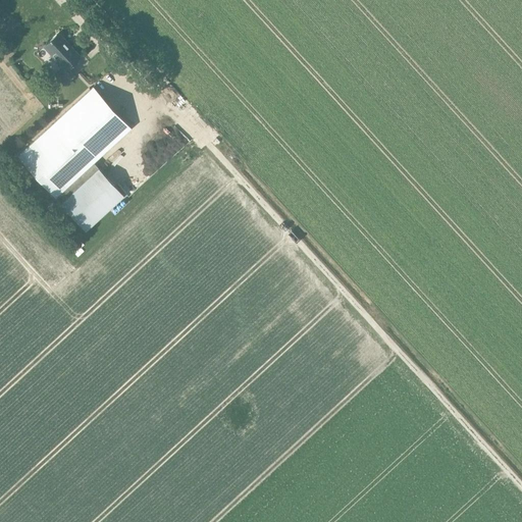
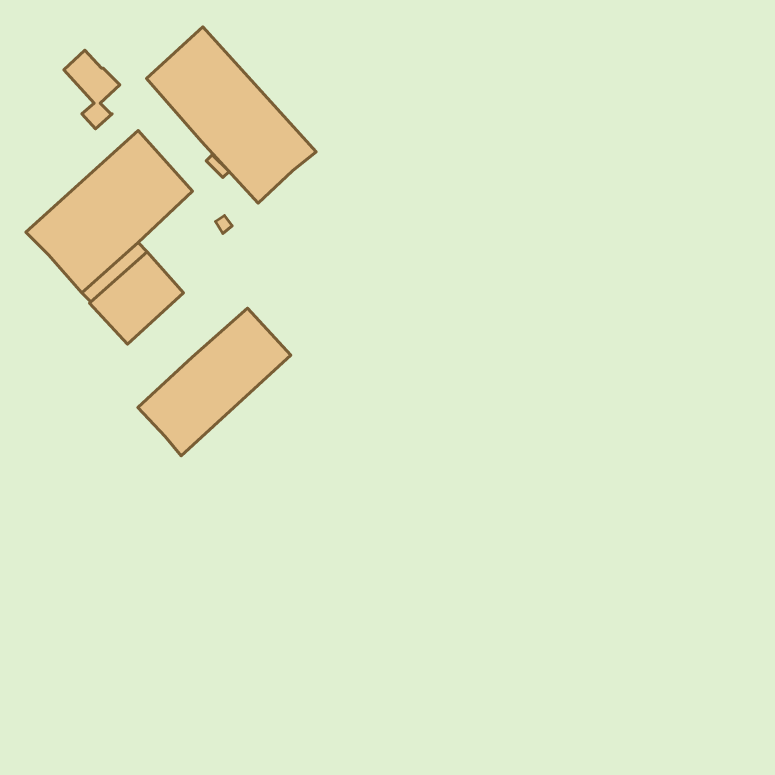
building: none -> [147,27,316,203]
building: none -> [138,308,291,456]

